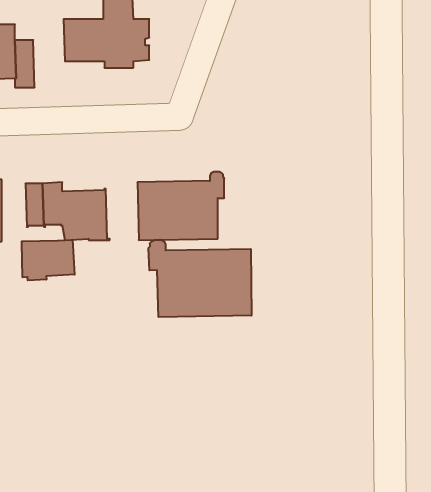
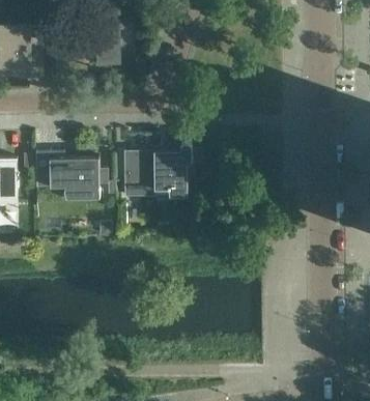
building: [22,240,75,280] -> none
building: [149,240,251,317] -> none

